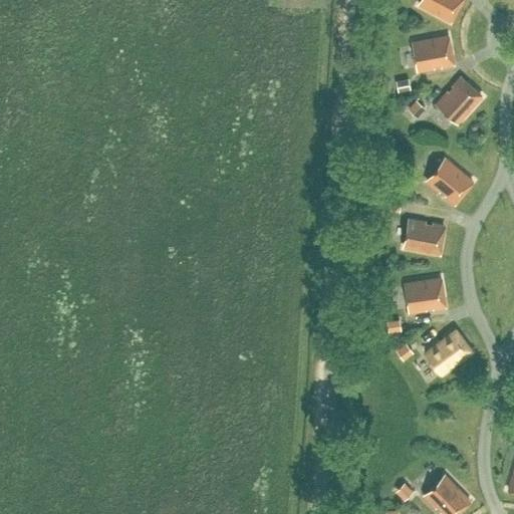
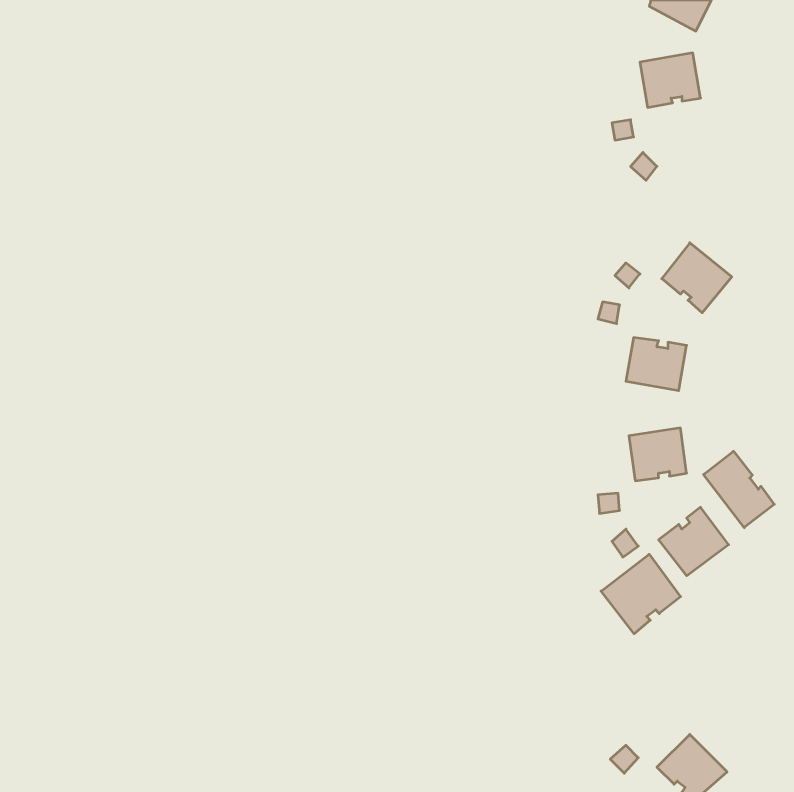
building: [437,78,482,123] -> none
building: none -> [704,451,774,528]
building: none -> [601,554,681,634]

